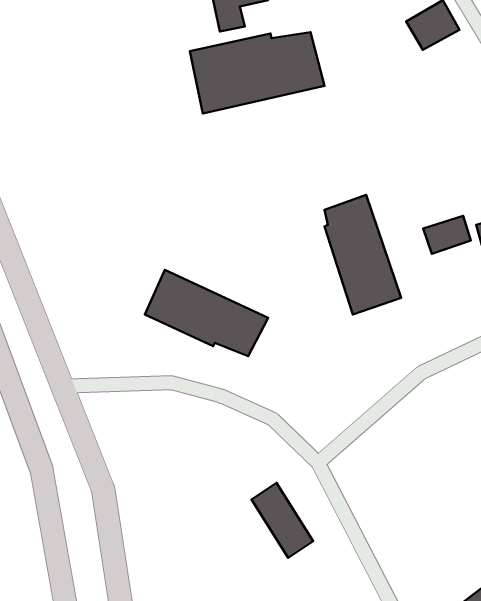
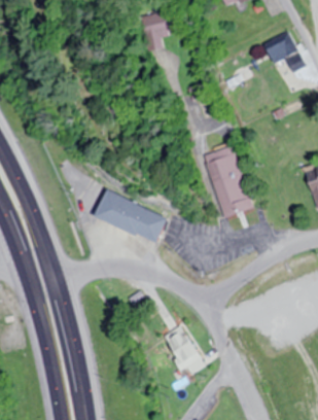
building: [190,32,325,113] -> none
building: [423,216,471,254] -> none

